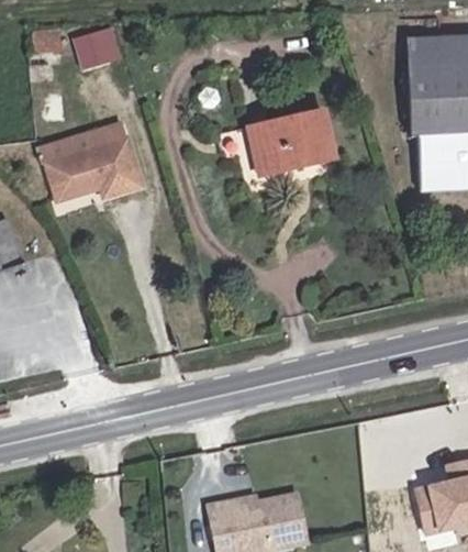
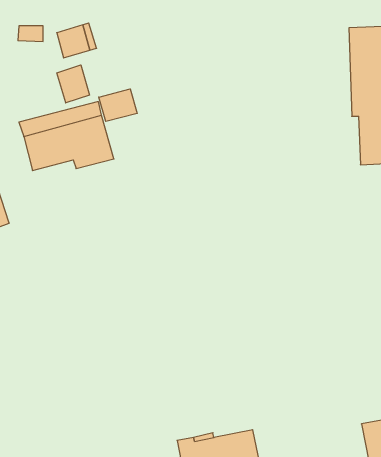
building: none -> [57,65,90,103]
building: none -> [99,89,137,121]
building: [248,111,336,176] -> none

